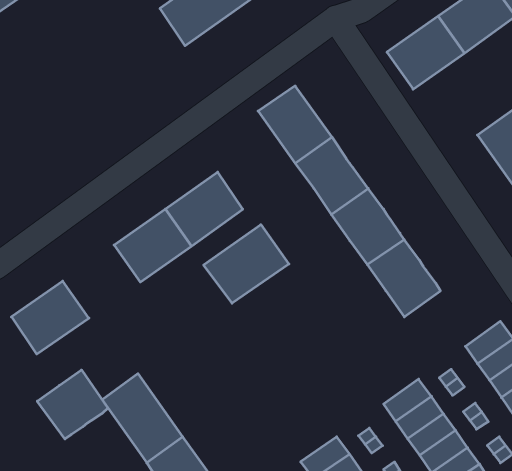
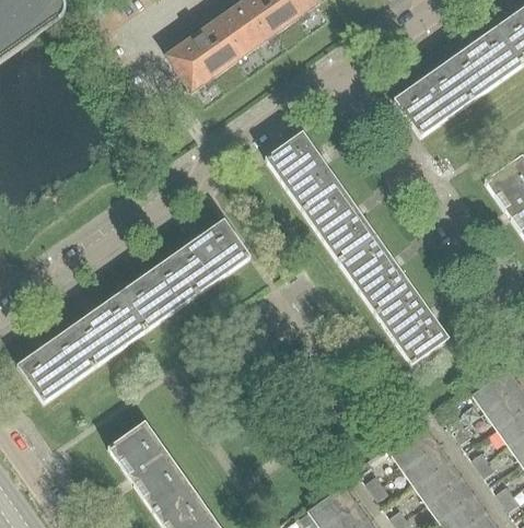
building: [204,225,289,303] -> none
building: none -> [69,292,147,365]
building: [37,370,108,439] -> none

